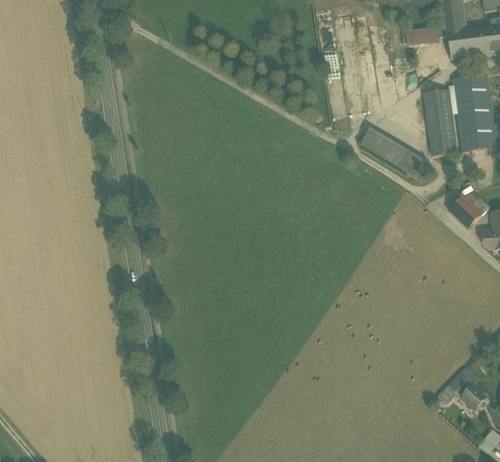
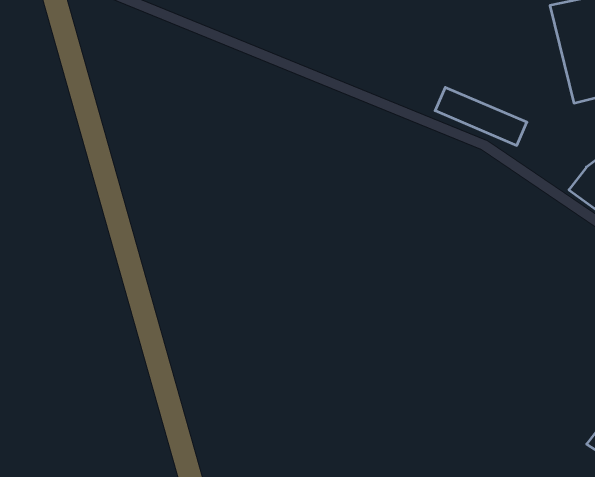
building: [424,90,456,155] -> none

